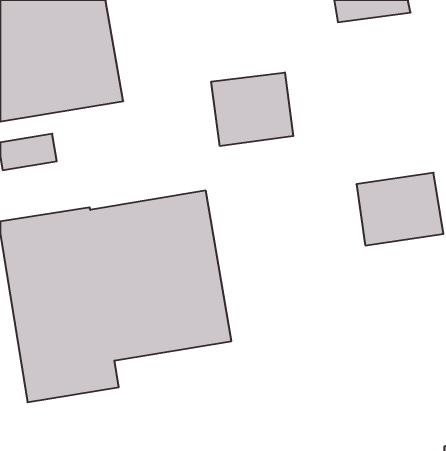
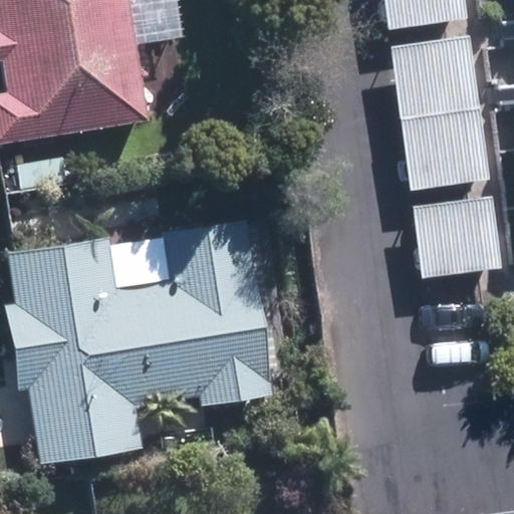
building: none -> [391,39,493,185]
building: [211,72,293,146] -> none

